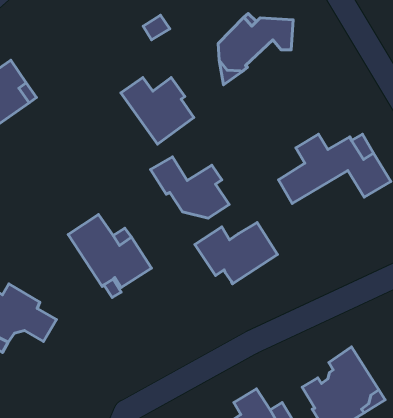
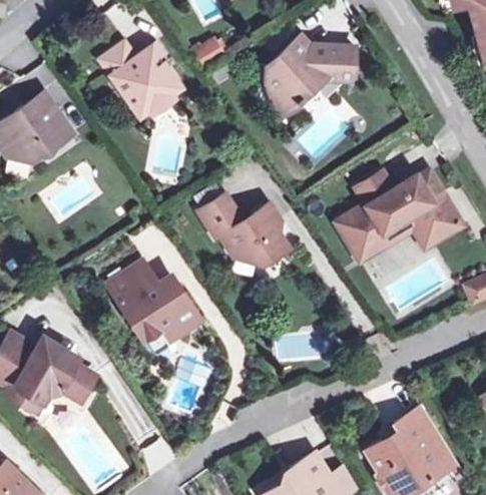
building: [121,77,194,144] -> [100,42,180,115]
building: none -> [354,211,433,259]
building: [195,223,278,284] -> none

